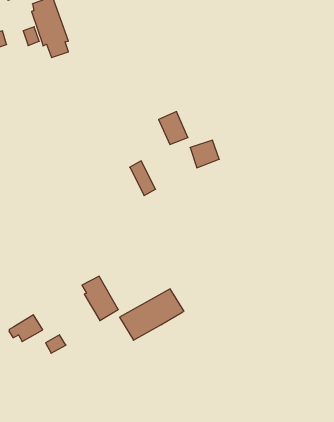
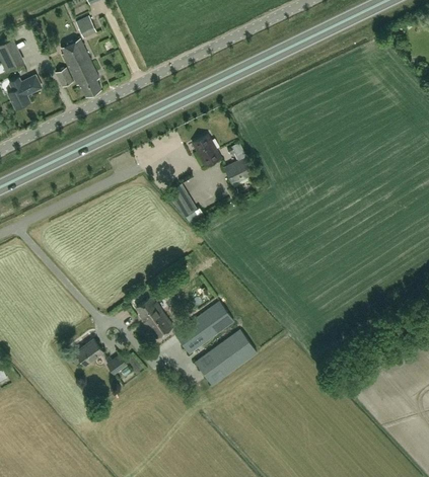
building: none -> [195,329,257,385]

